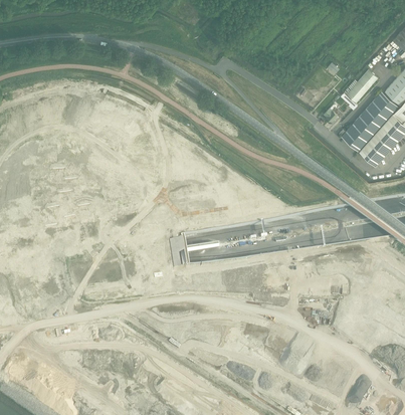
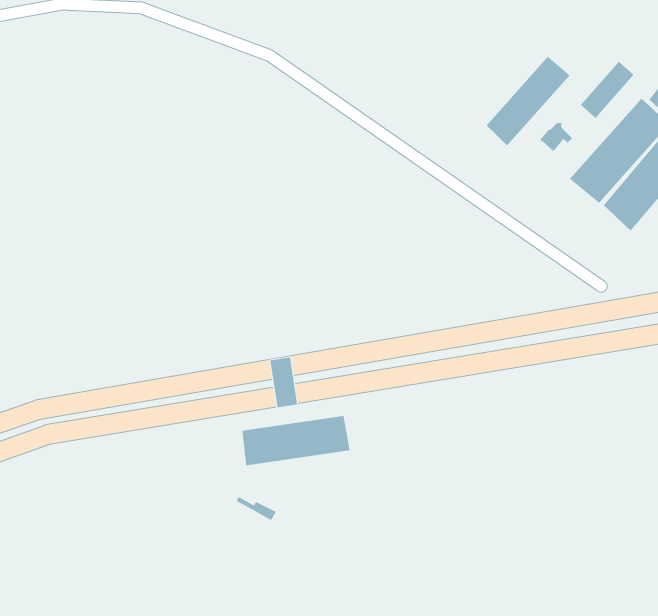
building: none -> [486,56,571,146]
building: none -> [242,415,350,466]

